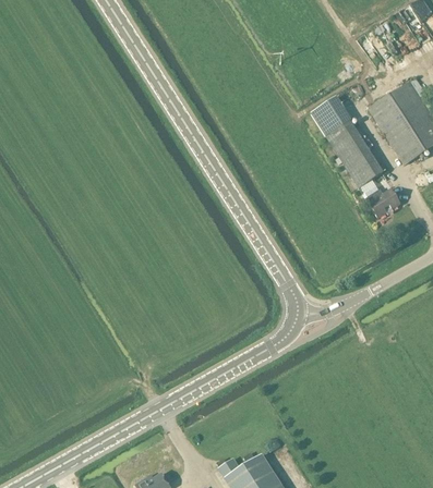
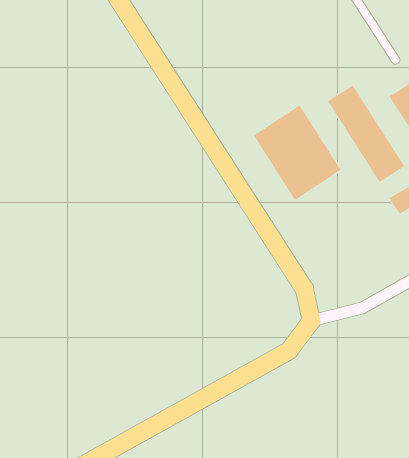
building: none -> [253,105,341,201]

